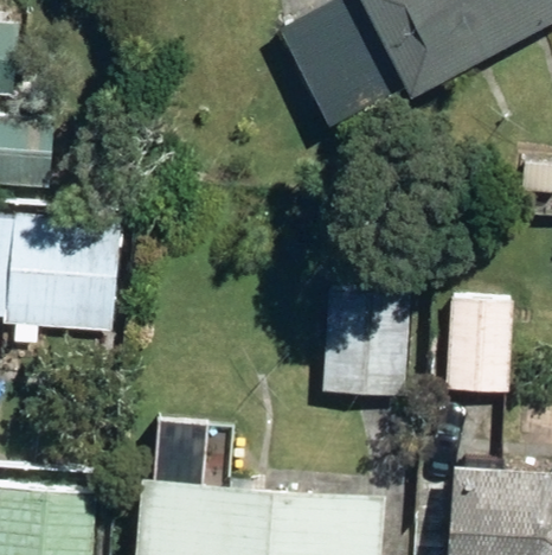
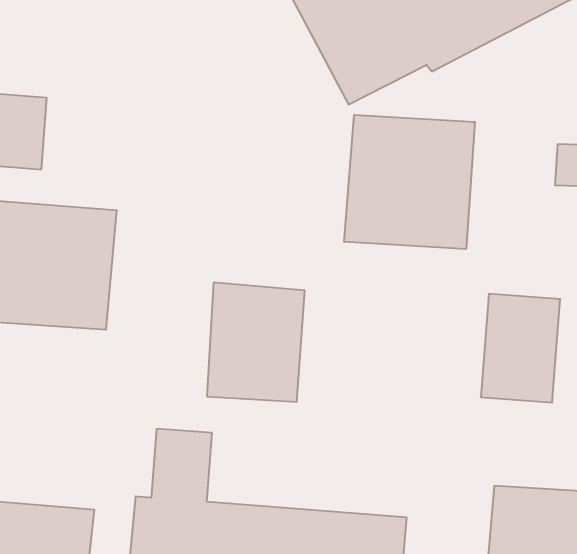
building: none -> [344,115,475,249]
building: [323,288,411,395] -> [207,283,305,402]

